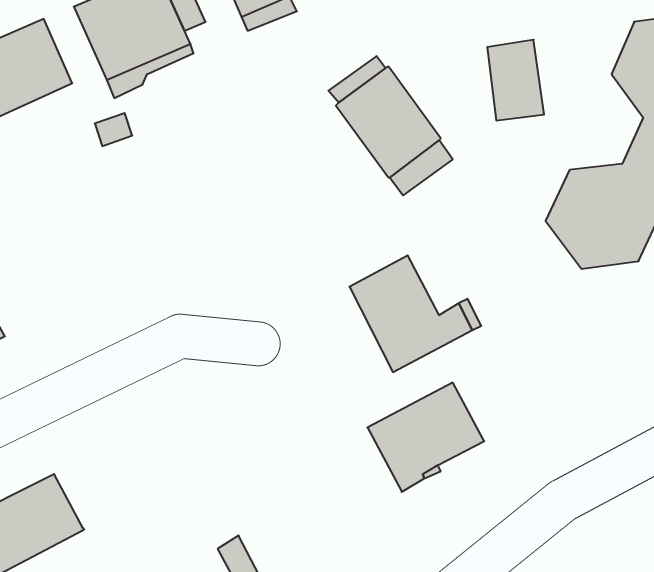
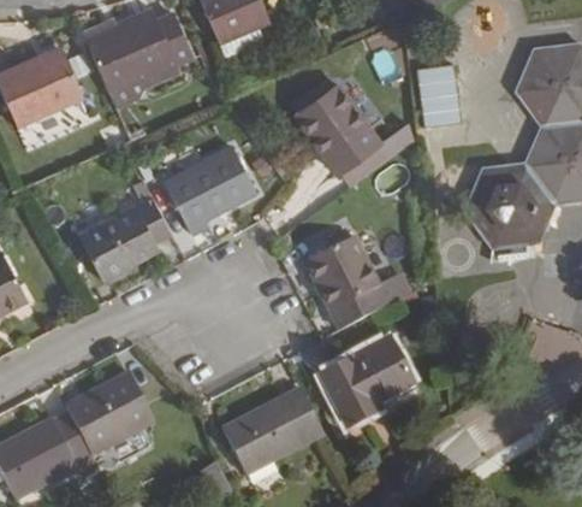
building: none -> [162,145,256,235]
building: none -> [77,196,172,282]
building: none -> [65,372,155,455]
building: none -> [221,387,323,476]

